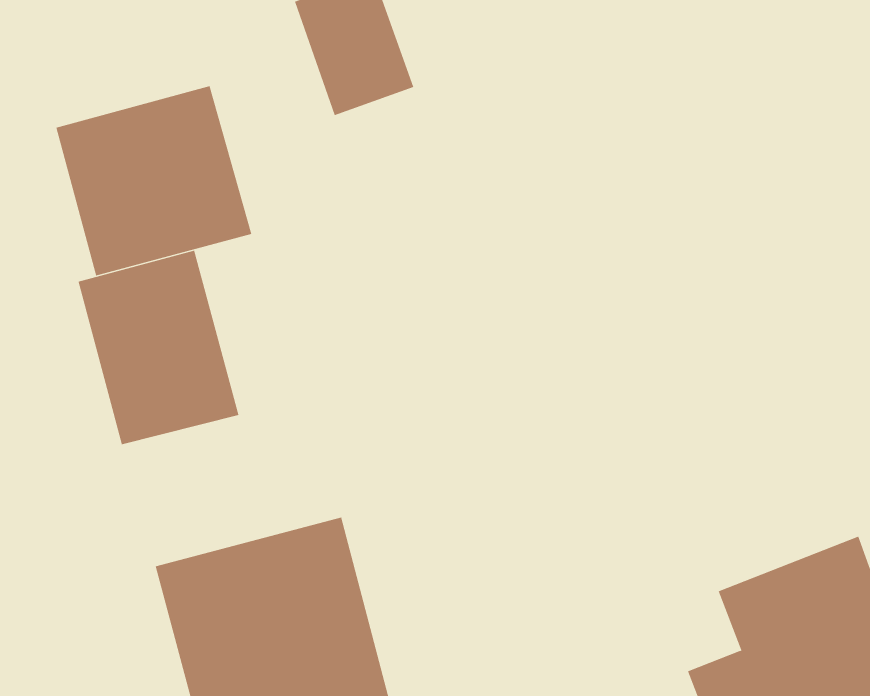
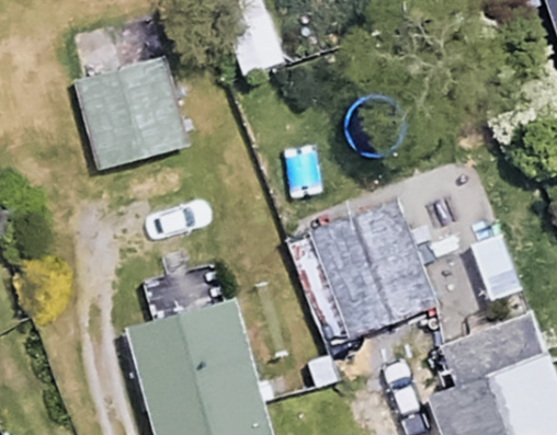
building: [78,250,239,445] -> none
building: none -> [285,201,435,344]

